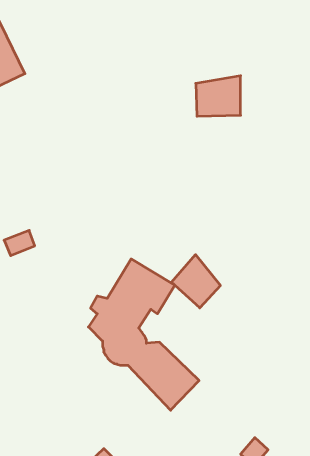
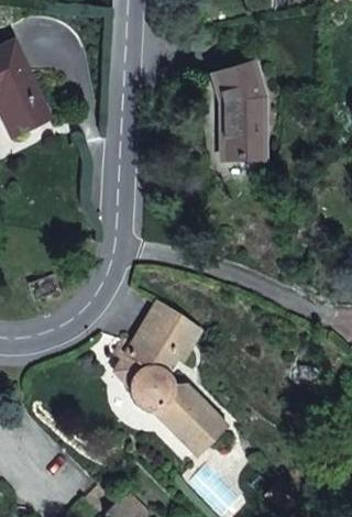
building: none -> [211,60,266,125]
building: [172,255,220,308] -> none

